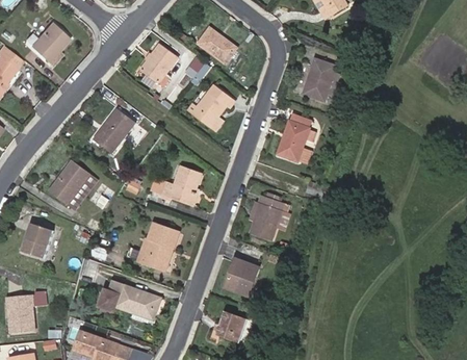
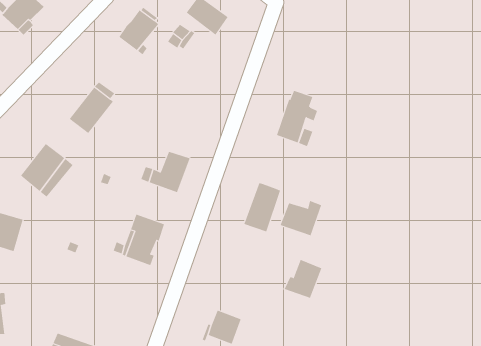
building: [304,59,337,103] -> none
building: [192,86,236,130] -> none
building: none -> [280,200,322,236]
building: [225,260,259,295] -> [284,259,322,298]
building: [105,282,161,316] -> none

